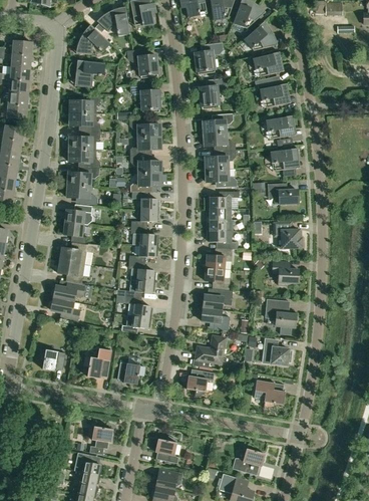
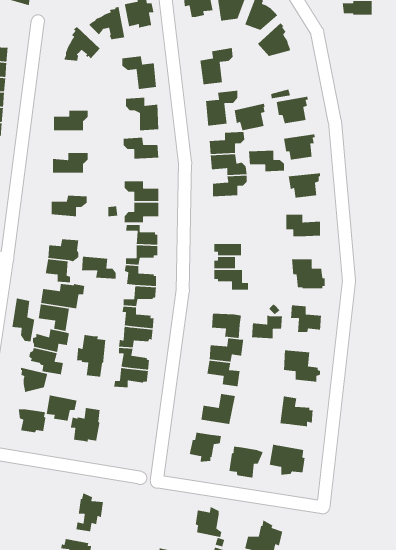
building: [253,52,280,76] -> [234,103,266,131]
building: [77,60,104,88] -> none
building: [70,113,100,132] -> none
building: [130,137,160,156] -> none
building: [69,150,99,169] -> none
building: [206,169,237,188] -> [248,150,285,172]
building: [67,185,97,205] -> [81,256,116,279]
building: [207,192,239,209] -> none
building: [206,248,233,269] -> [251,314,283,339]
building: none -> [11,298,35,342]
building: none -> [76,334,106,378]
building: none -> [20,367,48,393]
building: [117,361,144,385] -> [46,394,78,422]
building: none -> [228,446,264,478]
building: [156,436,179,463] -> [195,506,222,538]

